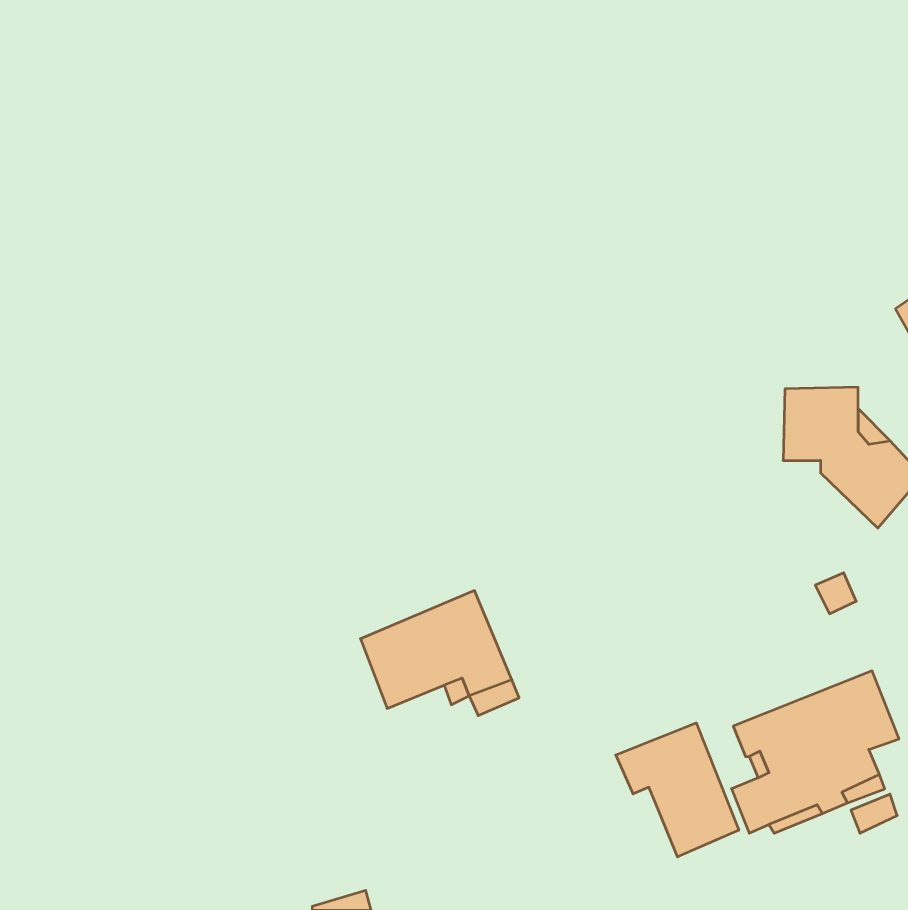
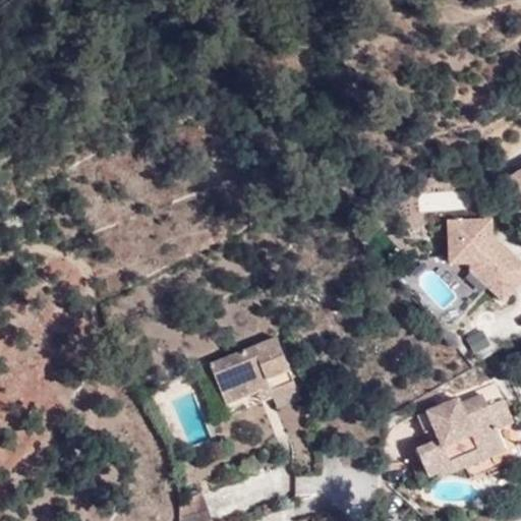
building: [616,723,739,857] -> none

